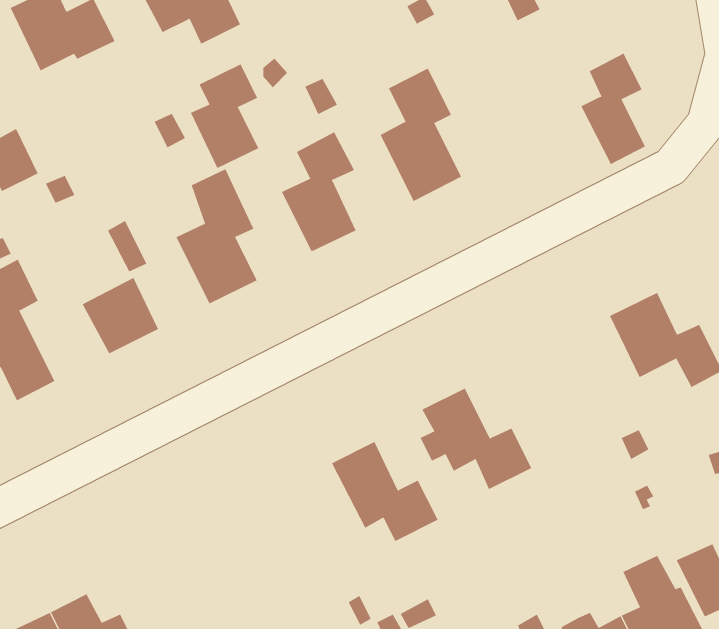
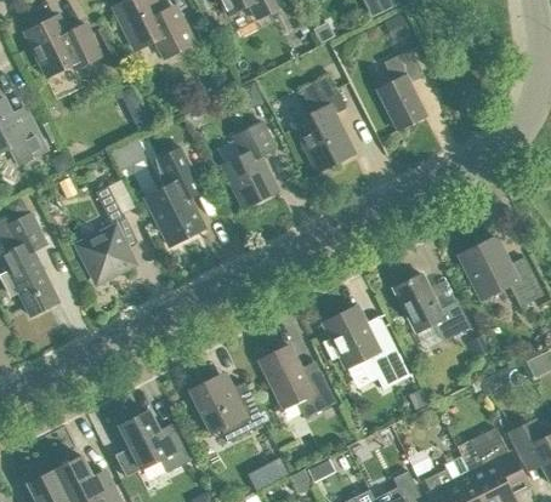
building: [580,53,646,165] -> [377,49,425,130]
building: [190,64,259,169] -> none
building: none -> [393,273,471,340]
building: none -> [189,370,265,441]
building: none -> [115,410,191,475]

